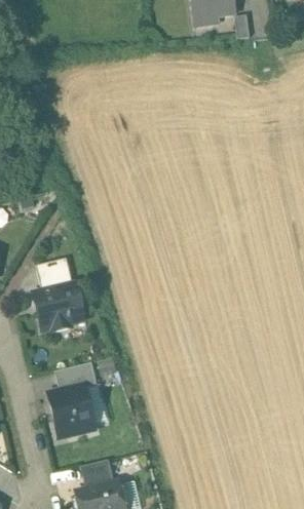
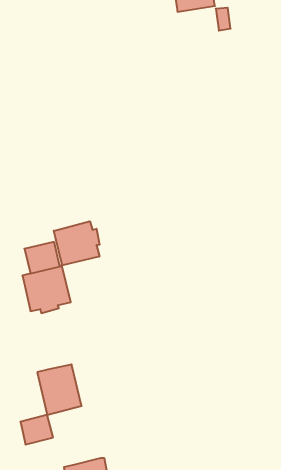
building: none -> [54,221,100,266]
building: [56,362,98,391] -> none
building: [81,460,115,491] -> [20,415,53,444]

